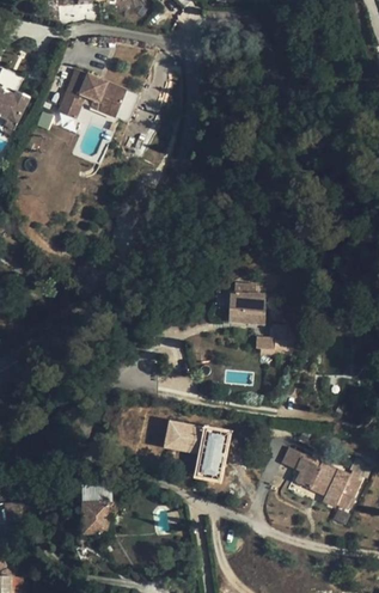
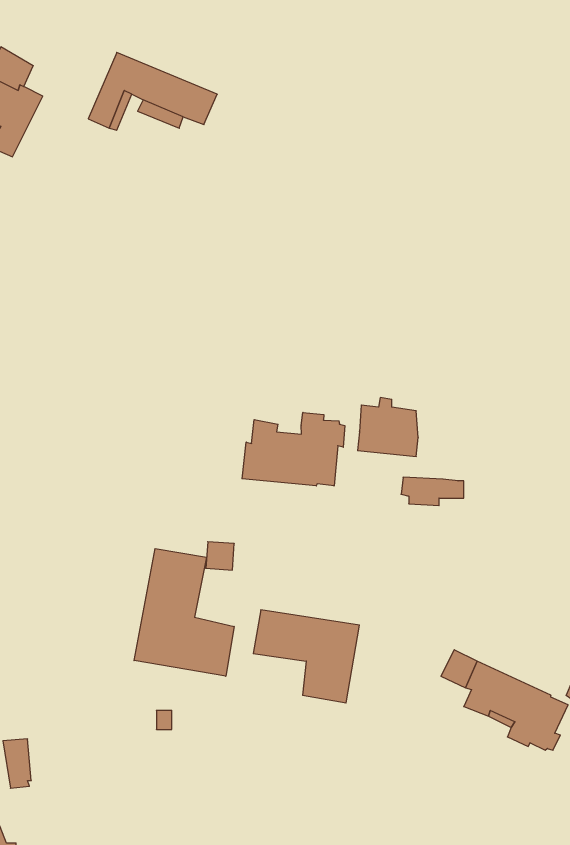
building: none -> [242,412,345,486]
building: none -> [134,549,234,676]
building: [81,502,108,533] -> none

